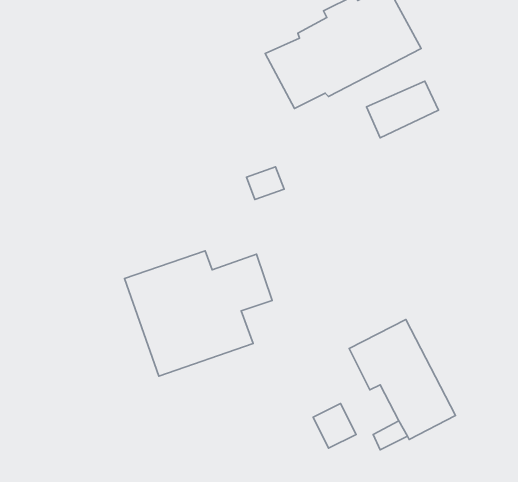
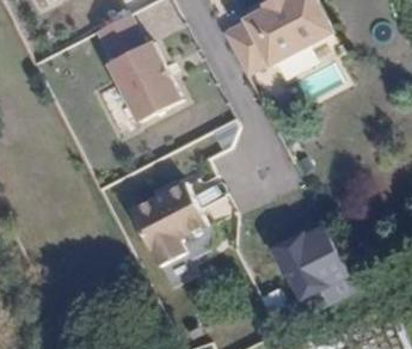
building: none -> [104,37,182,120]

